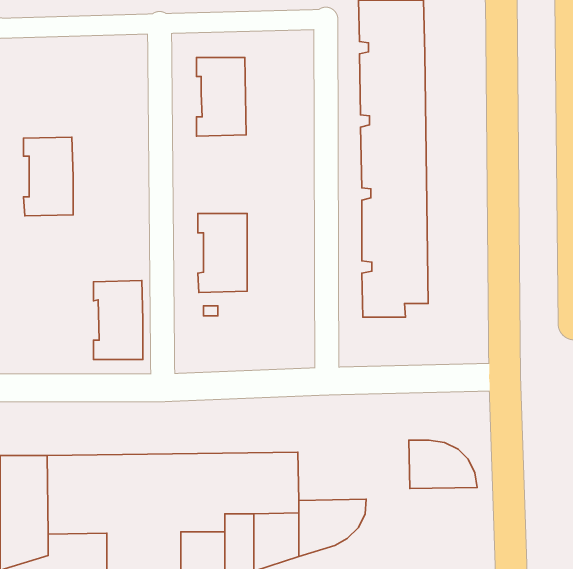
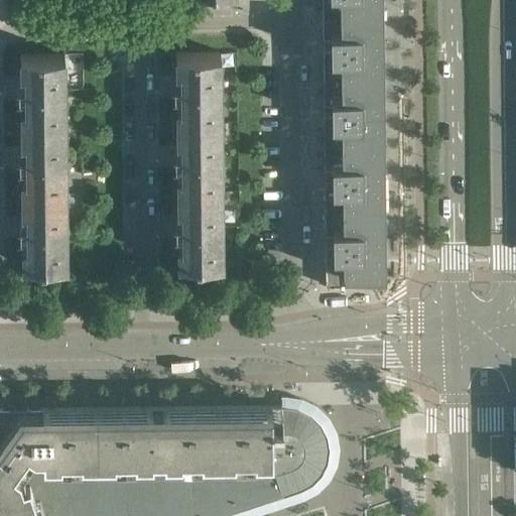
building: none -> [21,57,66,129]
building: none -> [177,126,223,197]
building: [94,281,143,359] -> [23,198,68,268]
building: [409,440,477,489] -> [268,410,330,454]

